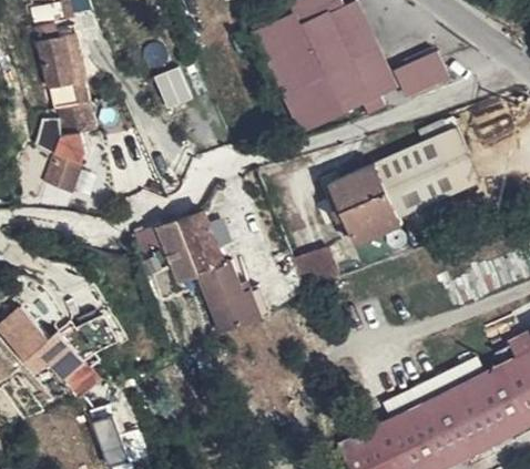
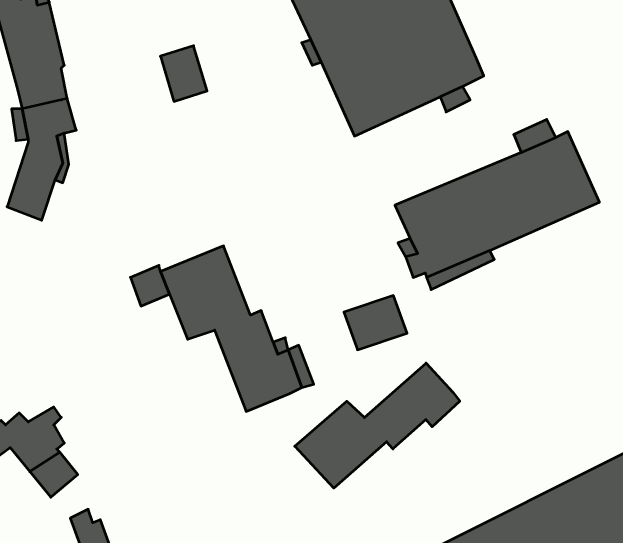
building: [389,51,448,92] -> none
building: none -> [295,363,460,488]

